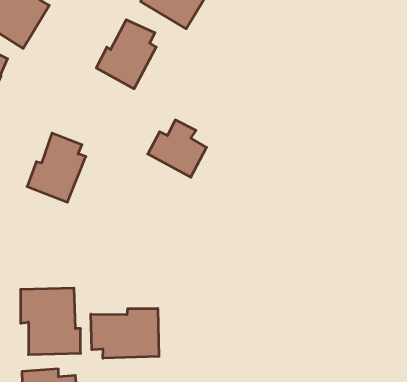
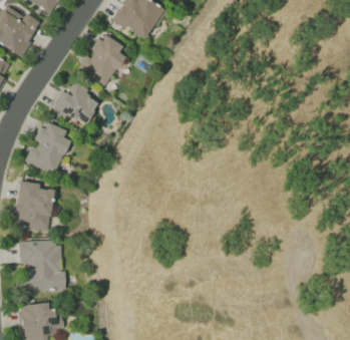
building: [148,120,207,177] -> [53,81,98,125]
building: none -> [13,181,55,231]
building: [91,308,159,358] -> none

